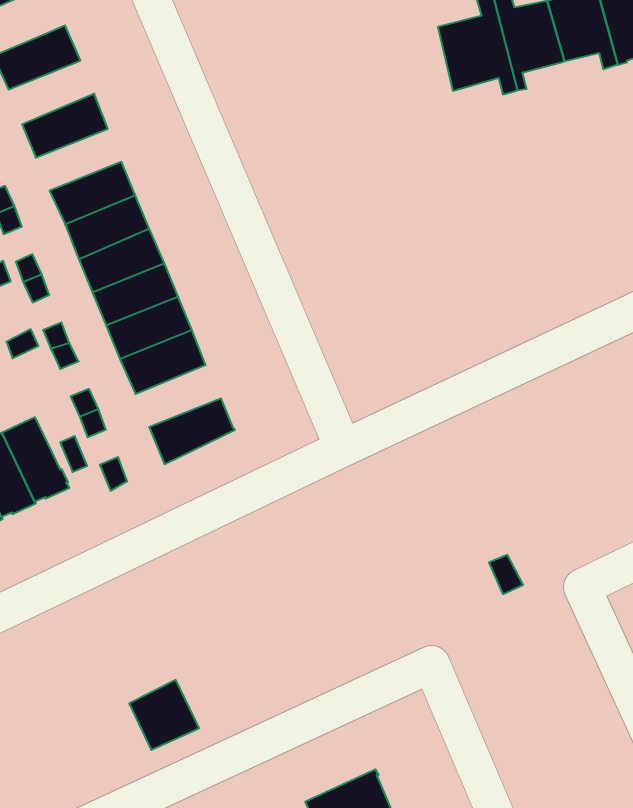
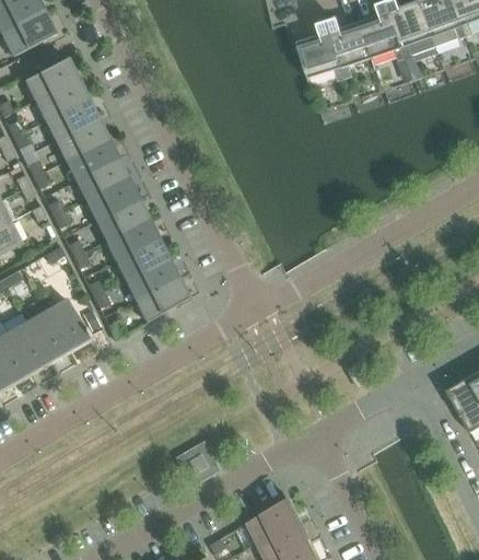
building: none -> [35,79,87,120]
building: none -> [55,119,107,160]
building: none -> [126,259,178,300]
building: [129,680,199,750] -> [177,441,221,485]

